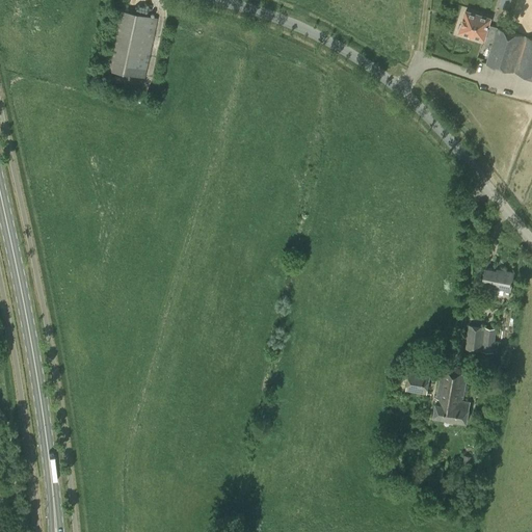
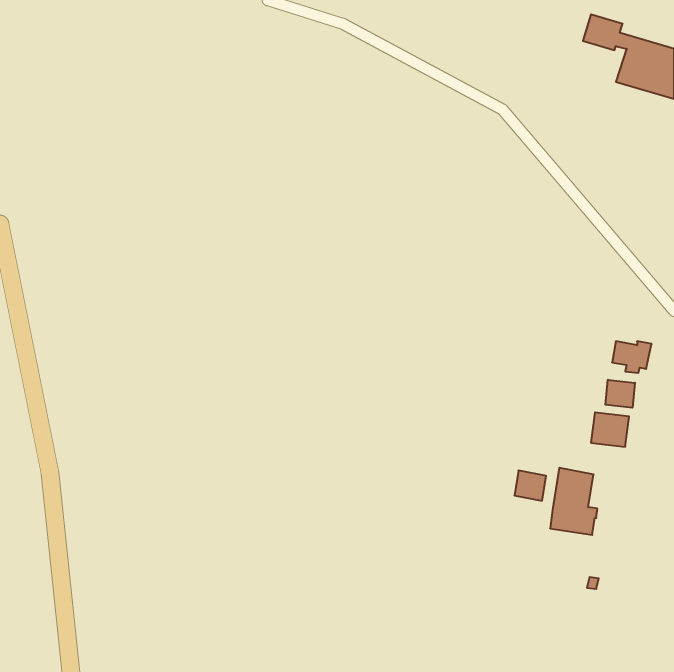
building: [100,9,157,79] -> none
building: none -> [605,380,635,408]

